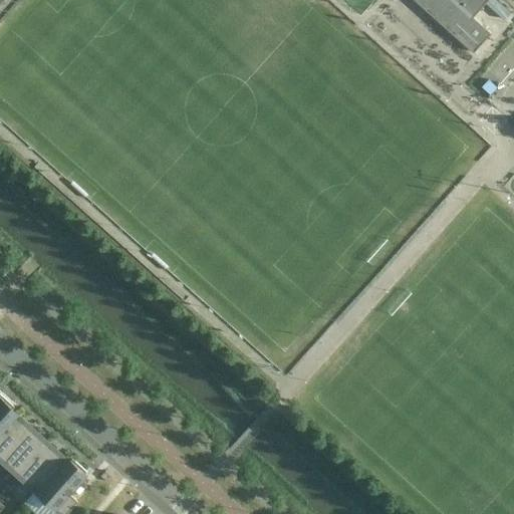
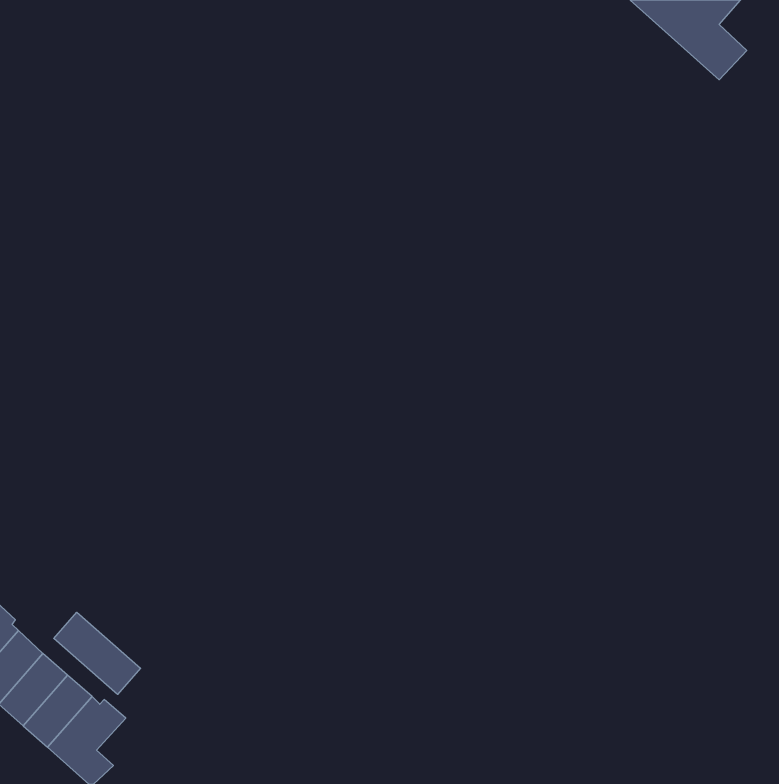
building: none -> [54,612,141,694]

